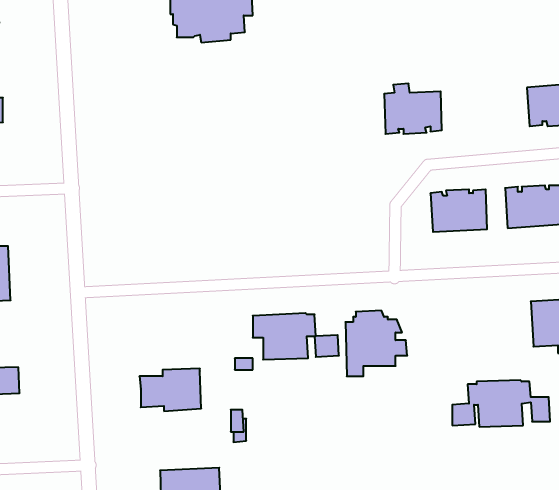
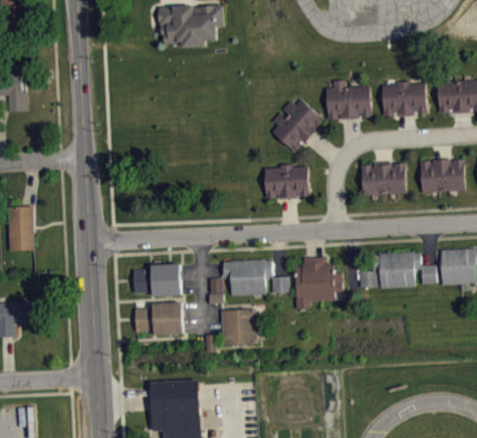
building: none -> [382,81,427,117]
building: none -> [271,99,323,152]
building: none -> [264,165,308,199]
building: none -> [134,264,181,295]
building: none -> [221,309,257,345]
building: [452,380,550,427] -> [360,252,436,288]

